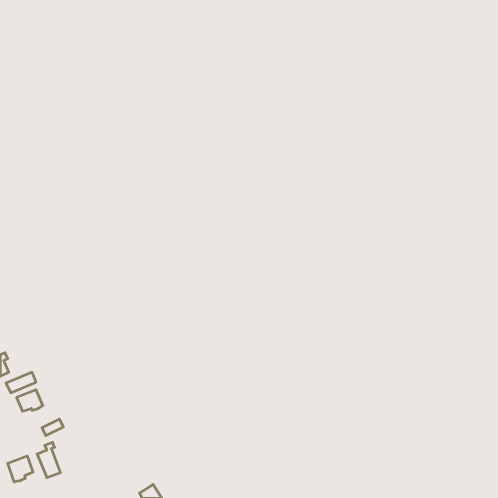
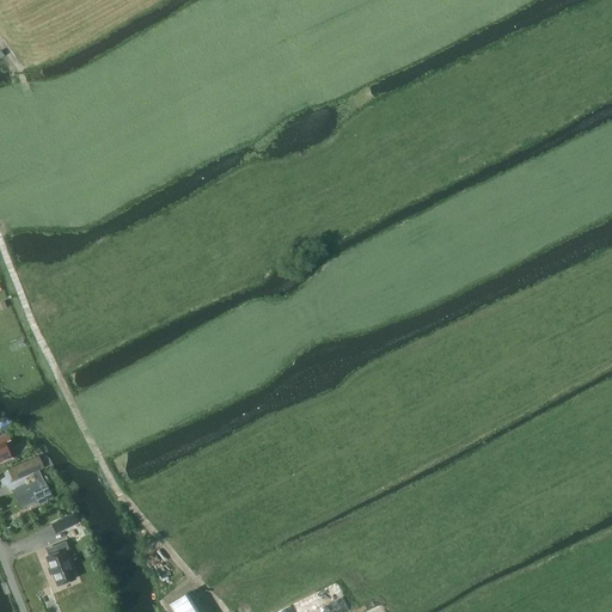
building: [8,456,33,482] -> none

